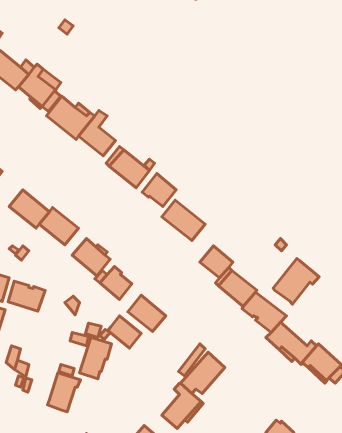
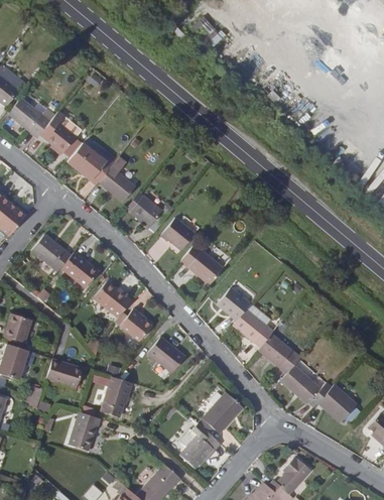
building: [273,258,319,304] -> none
building: [8,281,45,311] -> [47,360,84,389]
building: [108,316,141,348] -> none

